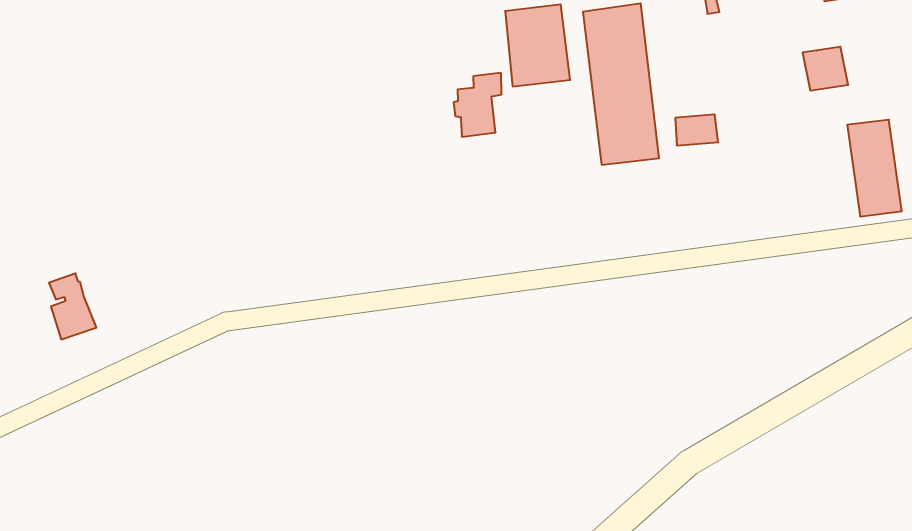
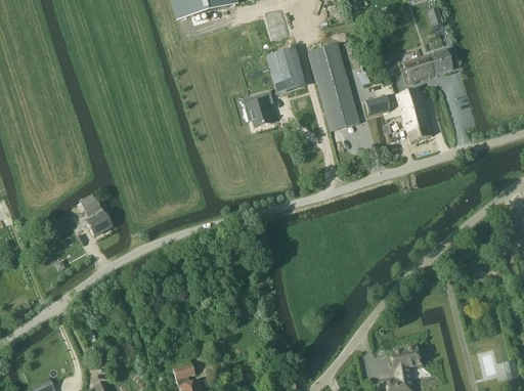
building: none -> [402,54,433,82]
building: [847,120,902,216] -> [395,88,431,141]
building: [49,273,96,339] -> [83,200,112,235]

